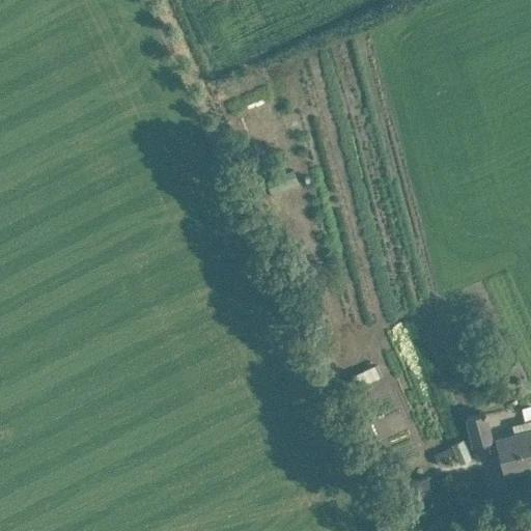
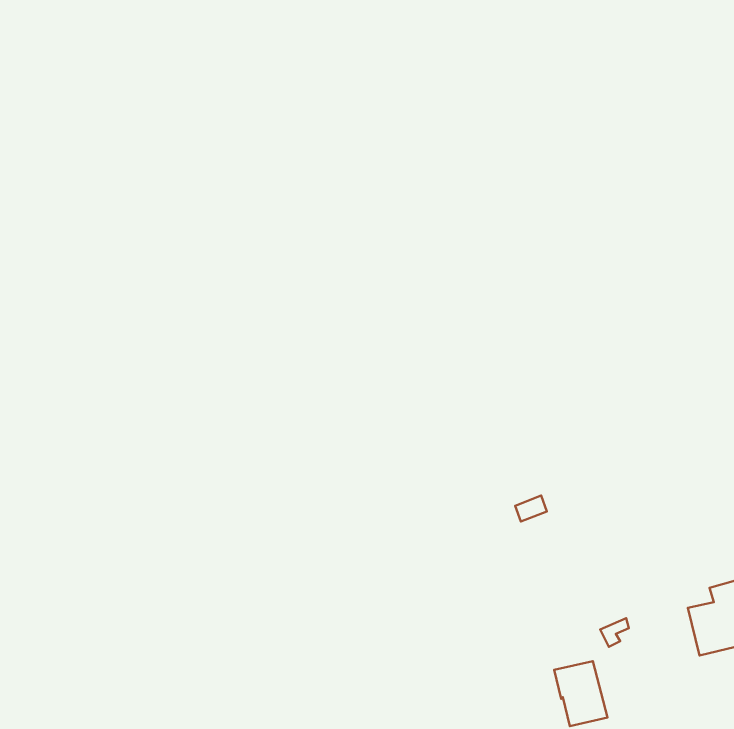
building: [467,417,494,449] -> none

